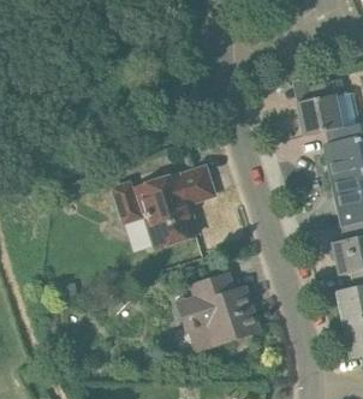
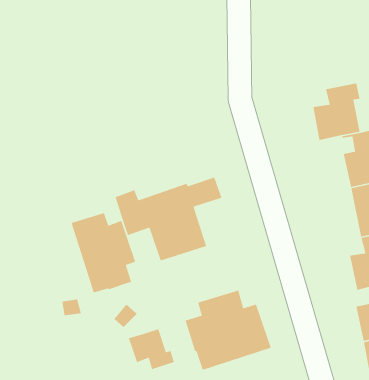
building: none -> [70,212,136,294]
building: none -> [128,328,175,370]

